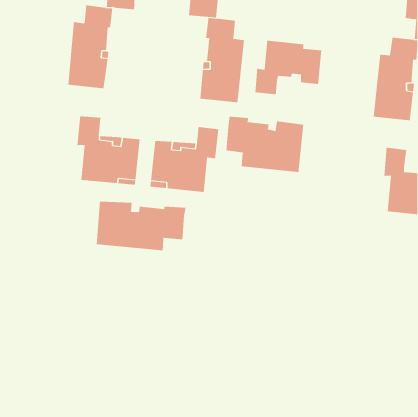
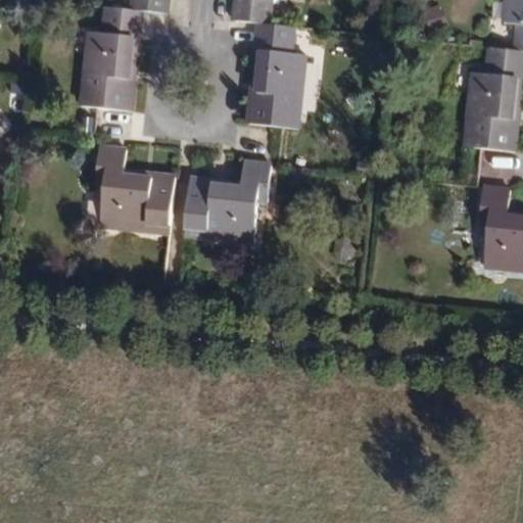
building: [255,40,322,95] -> none
building: [226,116,304,173] -> none
building: [96,201,186,251] -> none

